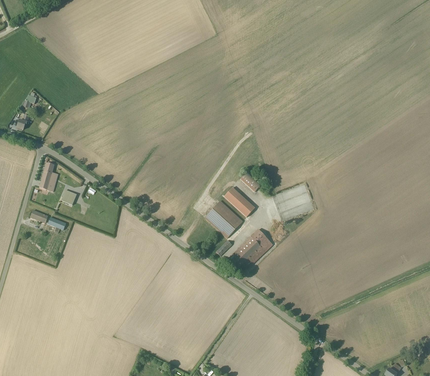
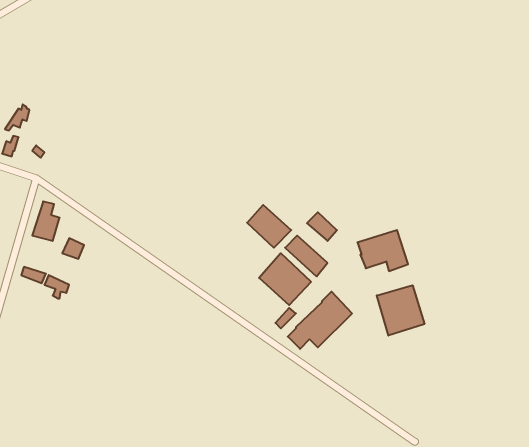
building: none -> [247,205,291,248]
building: none -> [377,285,424,336]

